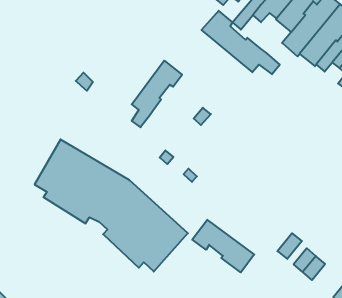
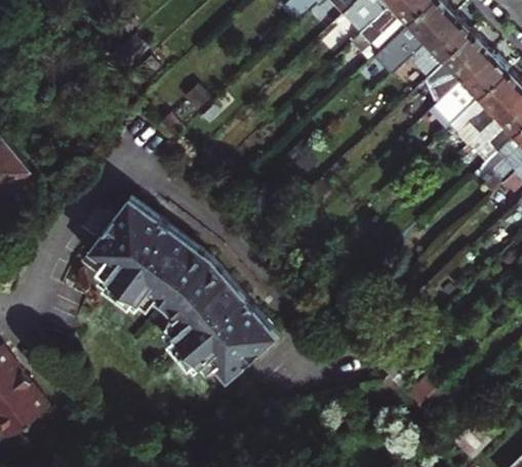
building: [202,11,280,74] -> none
building: [132,61,182,127] -> none
building: [192,220,254,272] -> none

